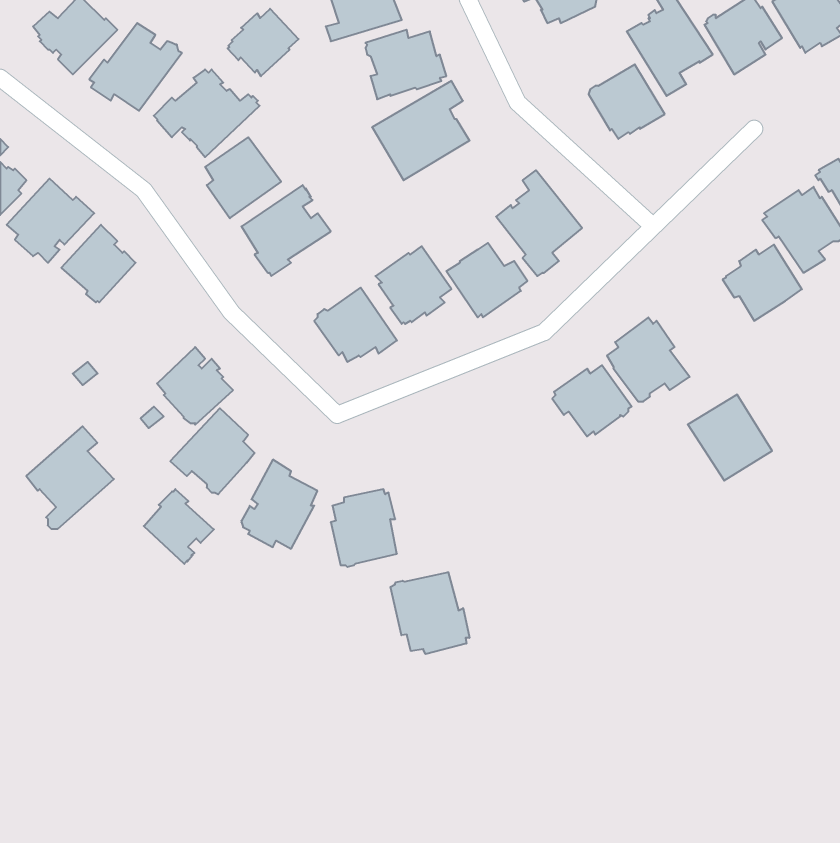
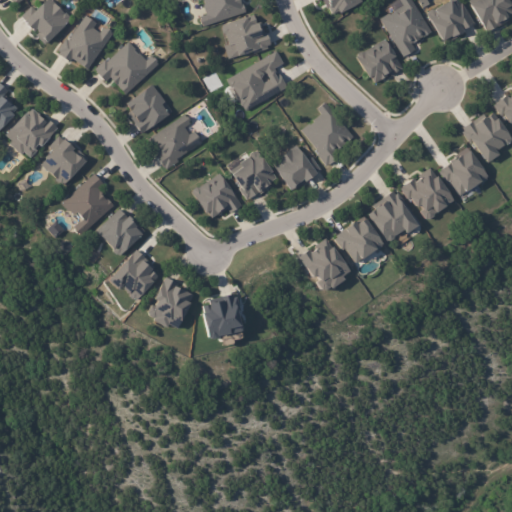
building: [228,9,299,76] -> none
building: [688,395,772,481] -> [403,167,454,219]
building: none -> [301,240,351,294]
building: [26,426,114,529] -> [60,171,113,233]
building: [144,489,214,564] -> none
building: [390,572,469,654] -> none

